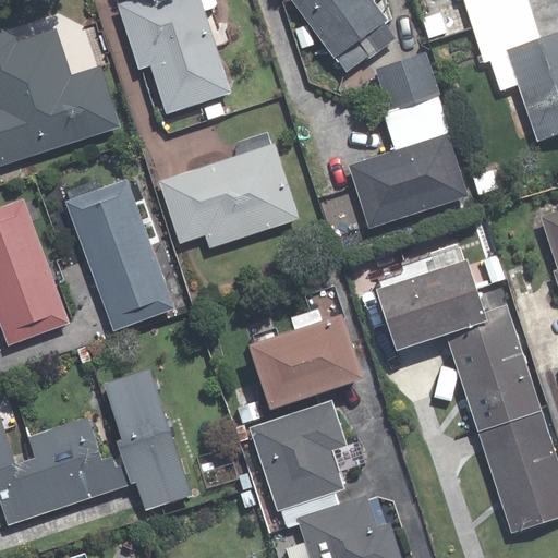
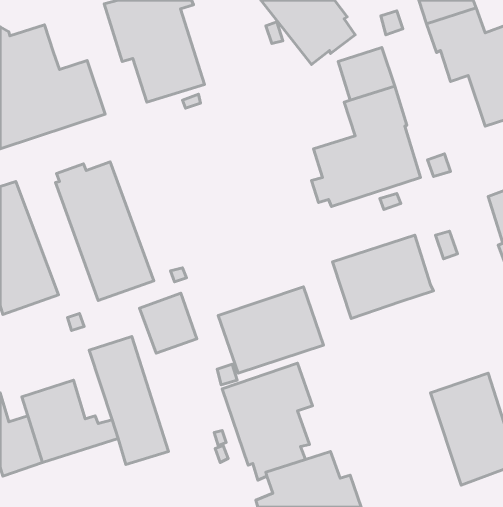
building: [159,131,299,246] -> none
building: [445,303,541,432] -> none
building: none -> [140,293,197,353]

